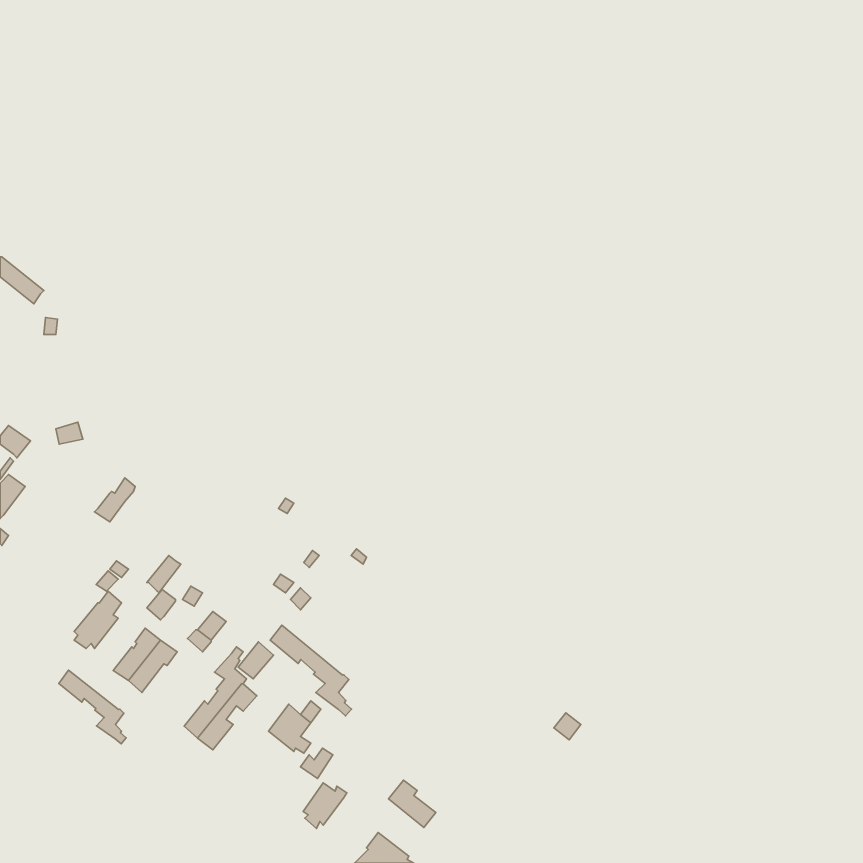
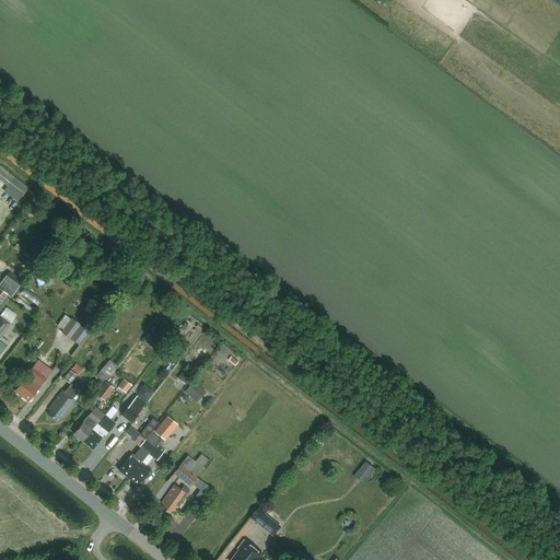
building: none -> [14,363,49,401]
building: [270,625,352,716] -> none
building: [59,670,126,744] -> none
building: [303,783,347,828] -> [161,485,189,514]

